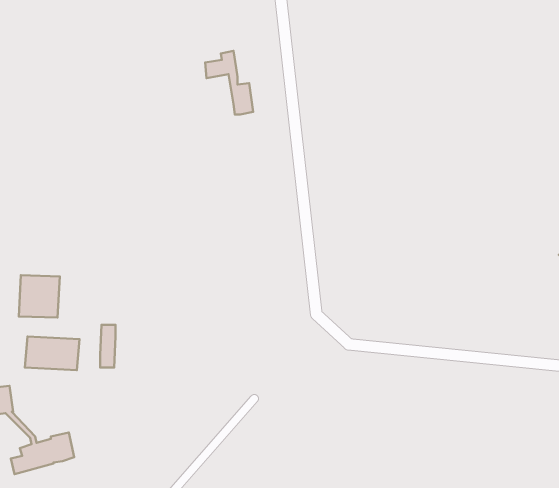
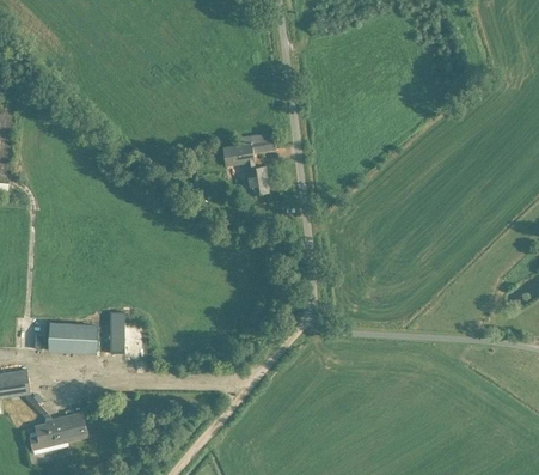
building: [205,51,253,114] -> [225,135,269,194]
building: [19,275,60,317] -> none

